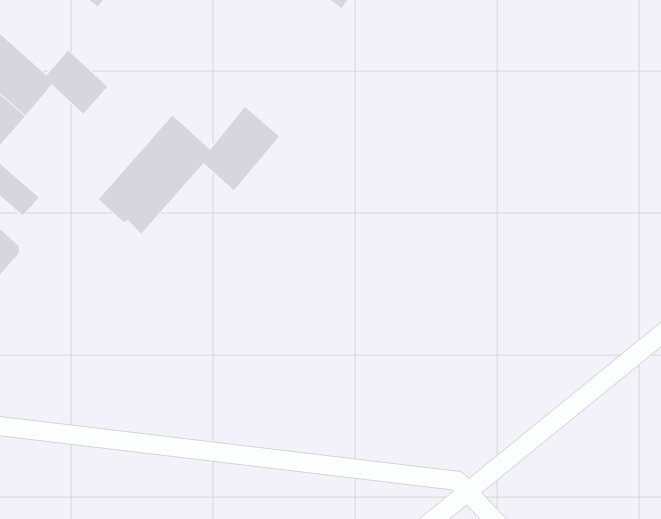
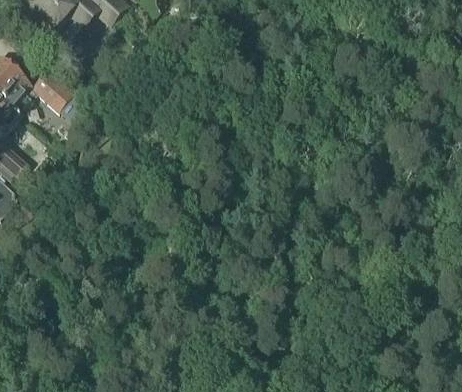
building: [98,106,280,235] -> none

